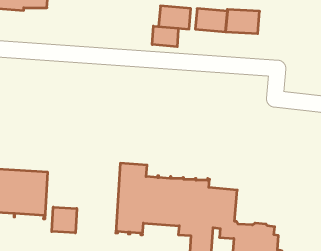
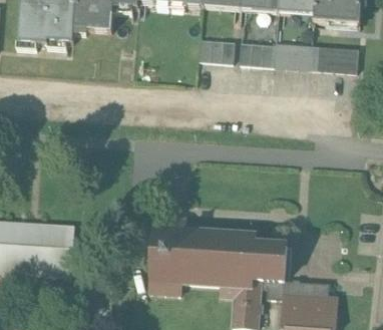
building: none -> [310,45,360,74]
building: [152,26,178,47] -> none
building: [52,207,77,233] -> none

